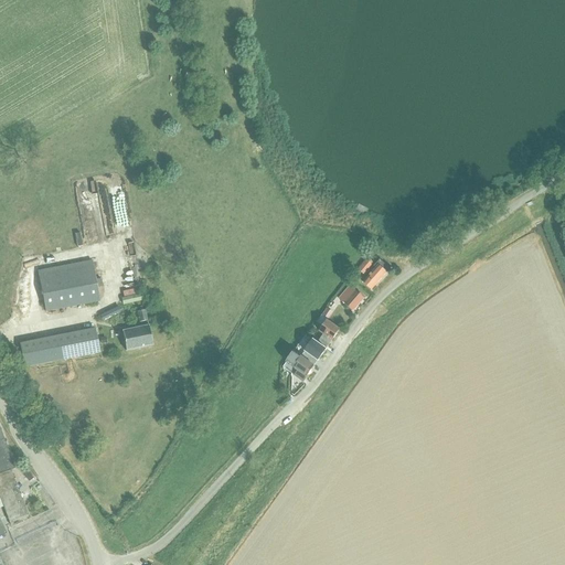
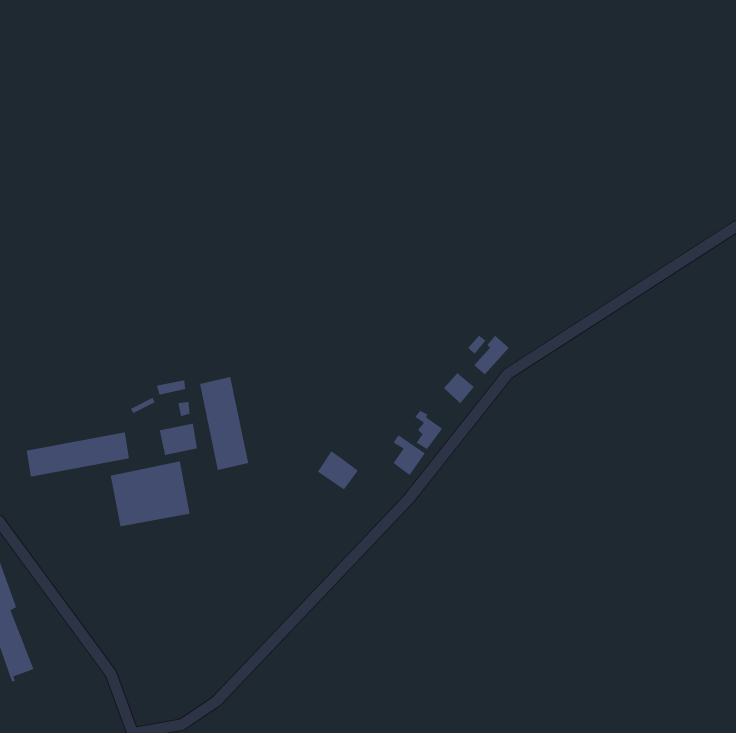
building: [36,257,98,308] -> [110,461,190,527]
building: none -> [199,376,249,471]
building: [281,349,313,380] -> [317,450,359,491]

